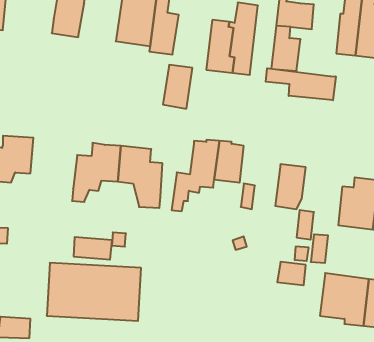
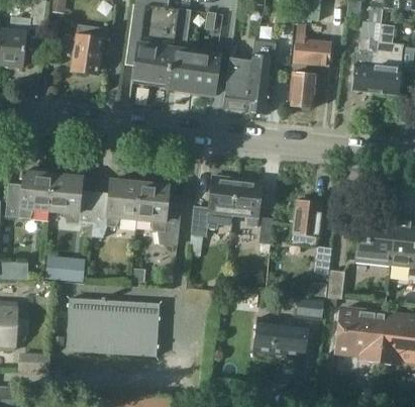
building: [163,65,192,109] -> [191,52,220,95]
building: [266,68,336,100] -> none
building: none -> [49,174,96,224]
building: [74,237,112,260] -> [46,258,85,280]
building: none -> [256,317,308,357]

